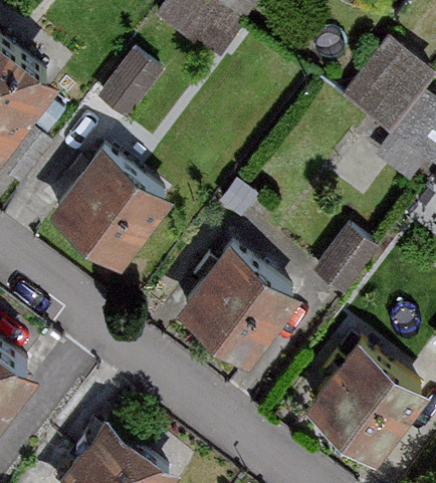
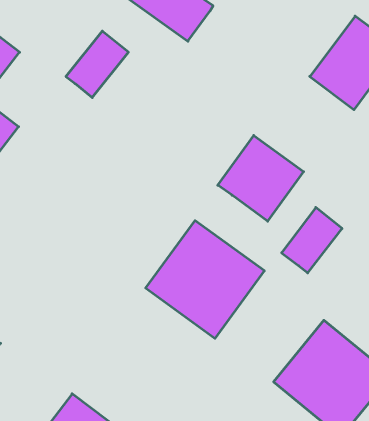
building: [48,148,171,269] -> none
building: none -> [218,135,304,221]

